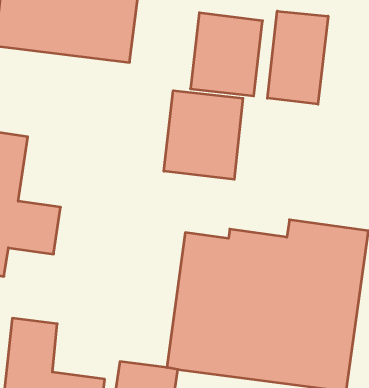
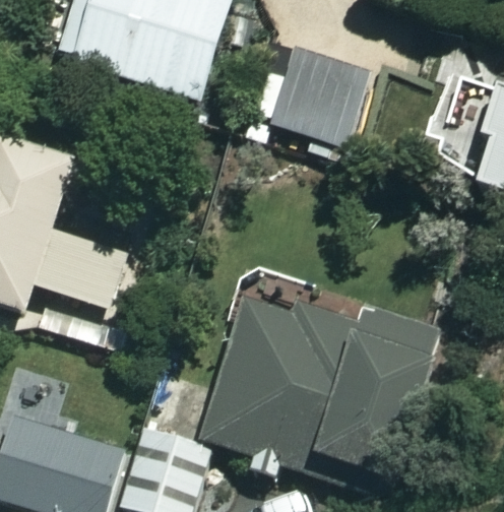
building: [267,11,328,104] -> none
building: [164,91,243,179] -> none

